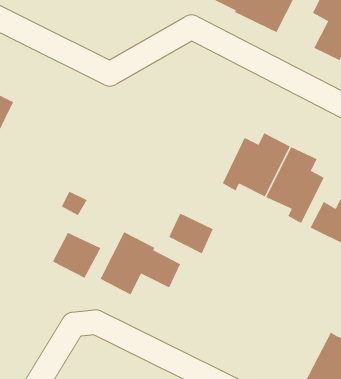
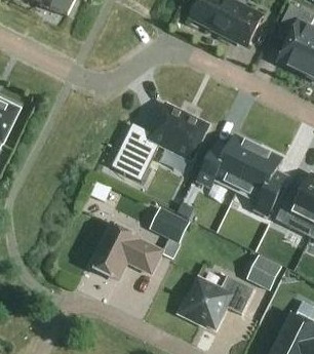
building: none -> [111,104,207,180]
building: [52,232,102,279] -> none
building: none -> [247,254,281,289]
building: none -> [178,274,254,328]

